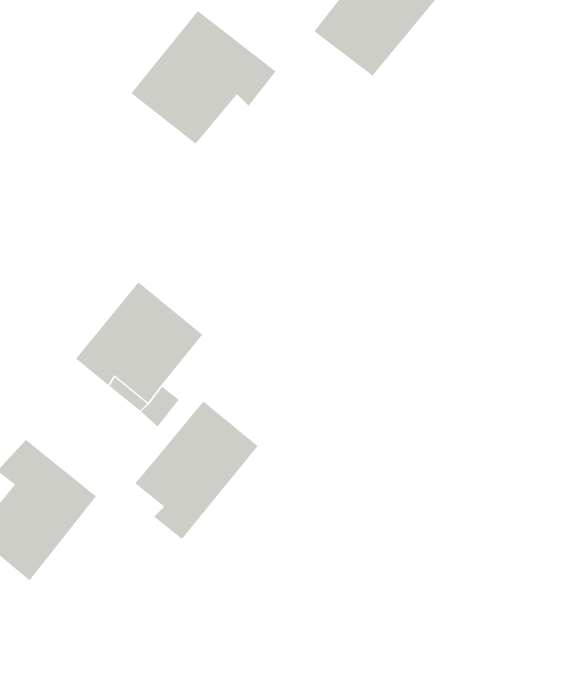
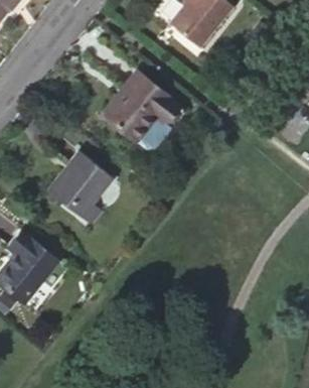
building: [131,10,276,144] -> [106,73,180,141]
building: [134,400,259,540] -> none

